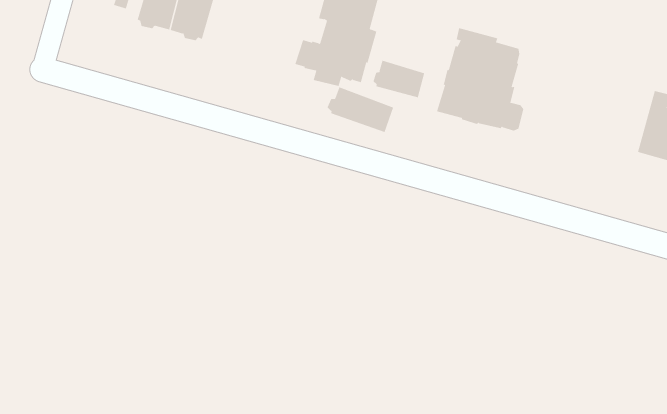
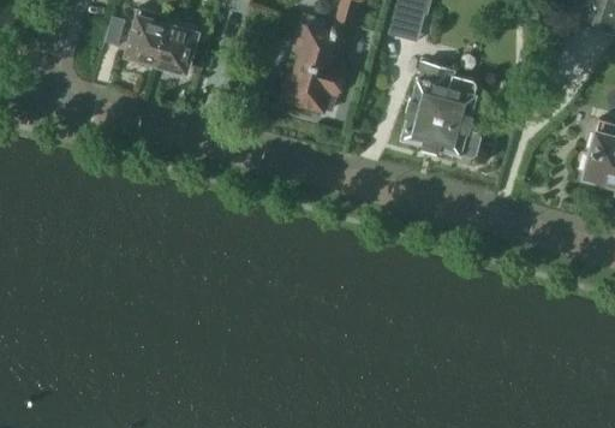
building: [373,60,425,98] -> none
building: [327,87,394,133] -> none

